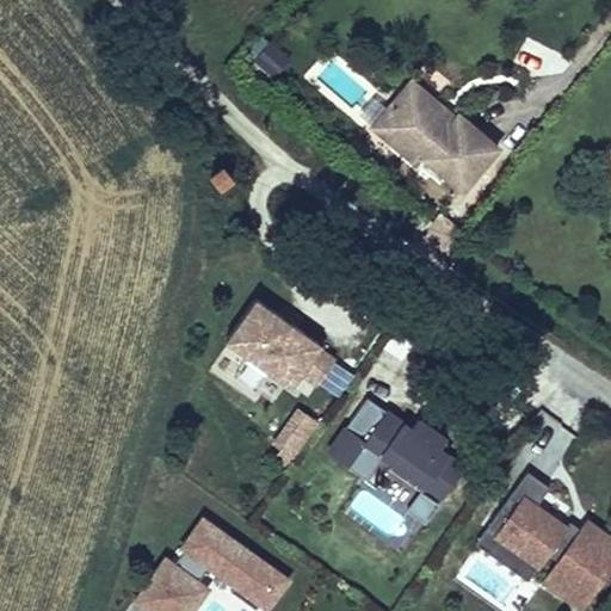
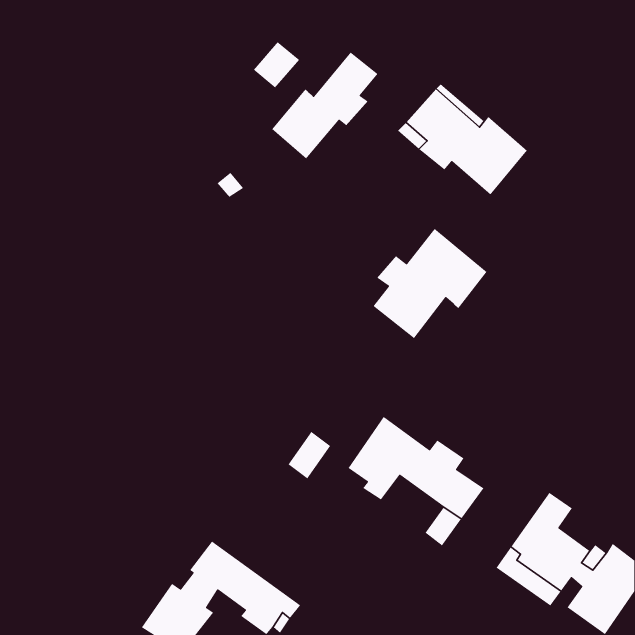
building: none -> [271,51,378,160]
building: none -> [373,228,488,339]
building: [226,300,334,388] -> none

